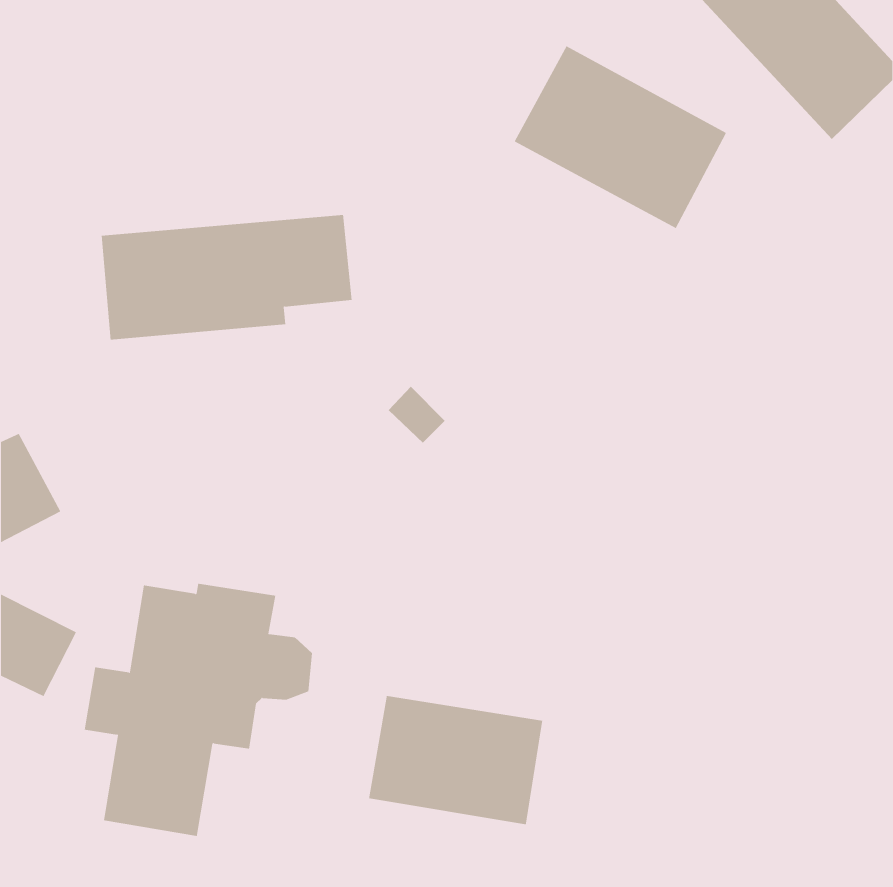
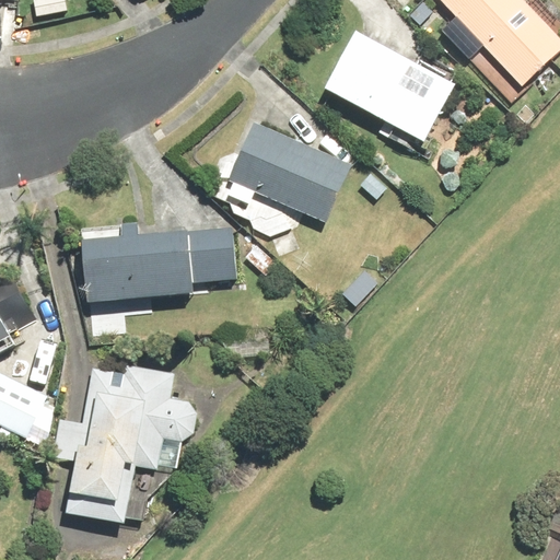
building: none -> [228,119,351,223]
building: [101,215,353,340] -> [79,225,236,304]
building: [368,695,543,825] -> none

